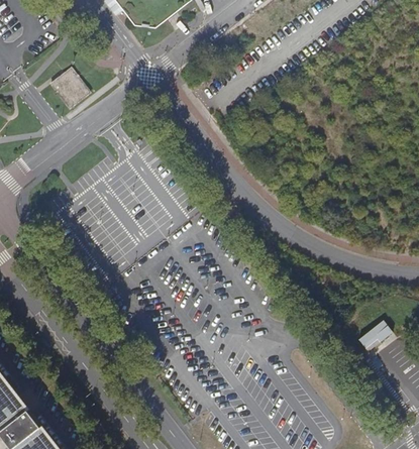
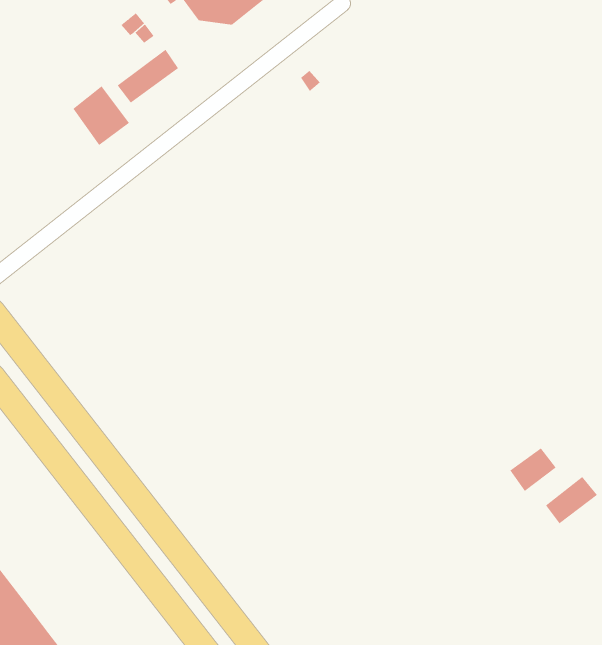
building: none -> [117,49,179,104]
building: none -> [510,448,556,492]

